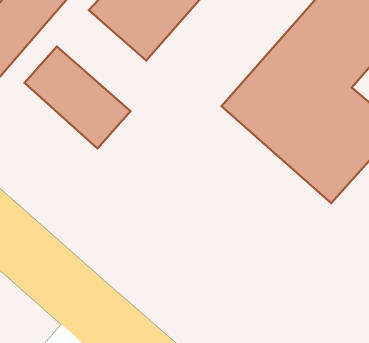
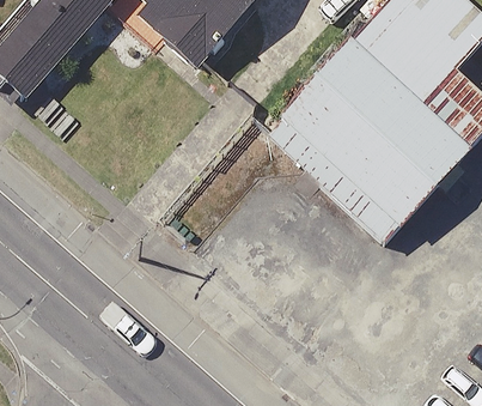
building: [25,46,131,149] -> none

